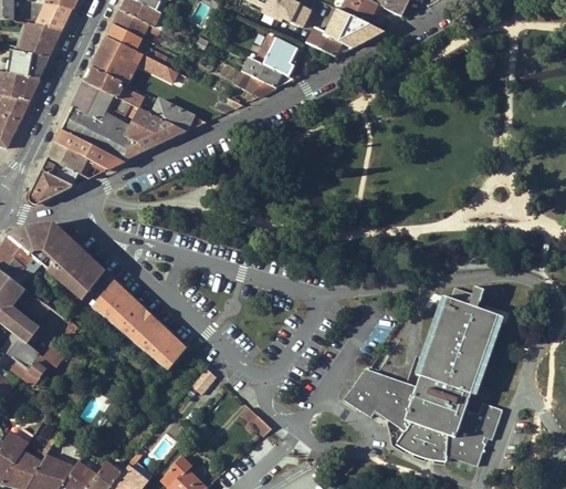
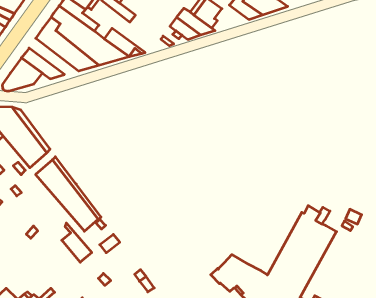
building: [54,128,124,169] -> none
building: none -> [62,223,92,262]

